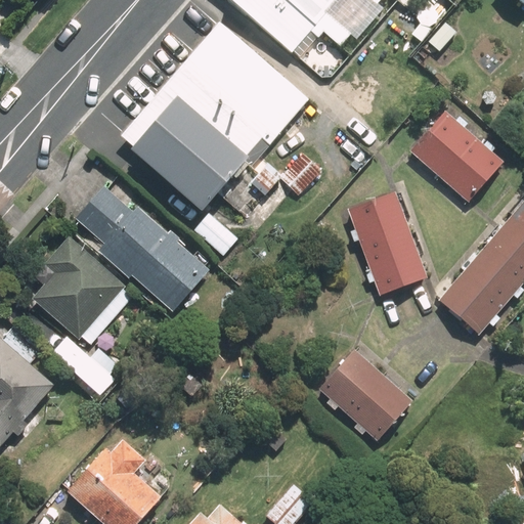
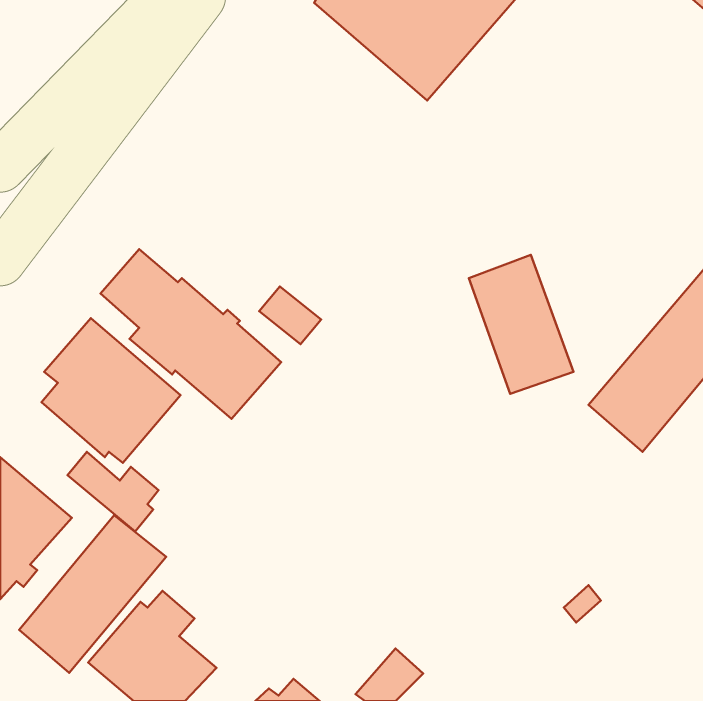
building: [118,18,310,212] -> none
building: [409,110,504,202] -> none
building: [320,350,411,439] -> none
building: none -> [19,515,166,673]

